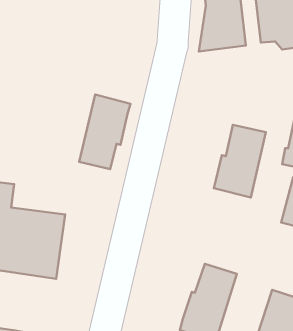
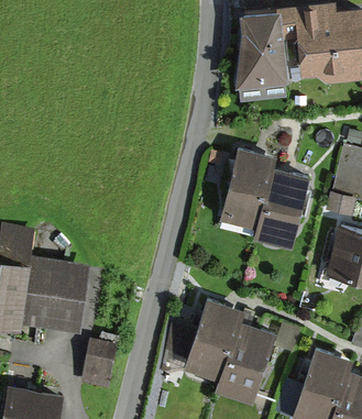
building: [79,95,130,169] -> [219,147,275,229]
building: none -> [183,299,243,381]
building: none -> [80,340,114,387]

